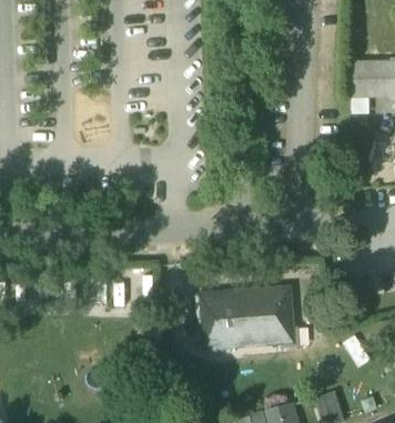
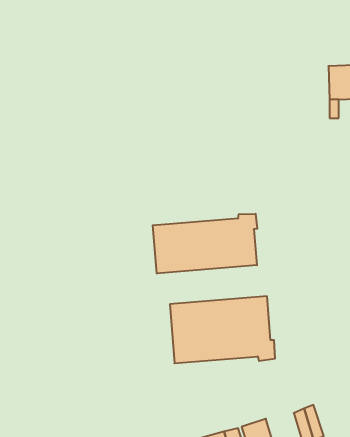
building: none -> [153,214,257,274]

